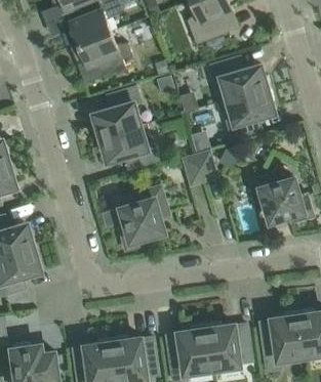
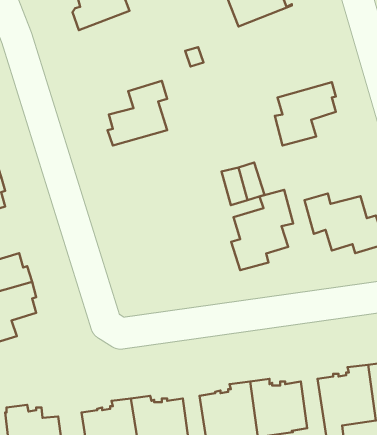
building: [71,32,133,77] -> none
building: [211,58,271,100] -> none
building: [97,126,157,168] -> none
building: [119,186,168,250] -> [231,190,293,270]

